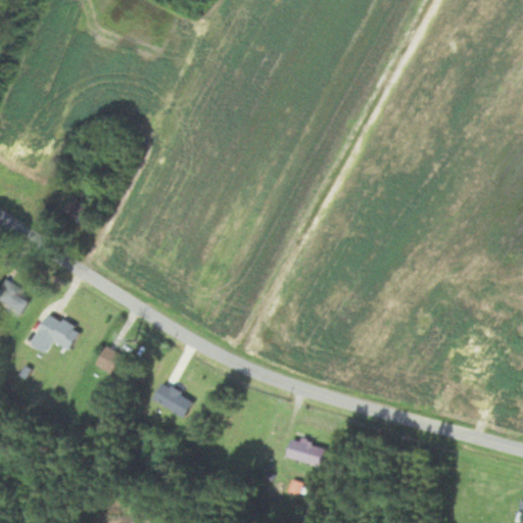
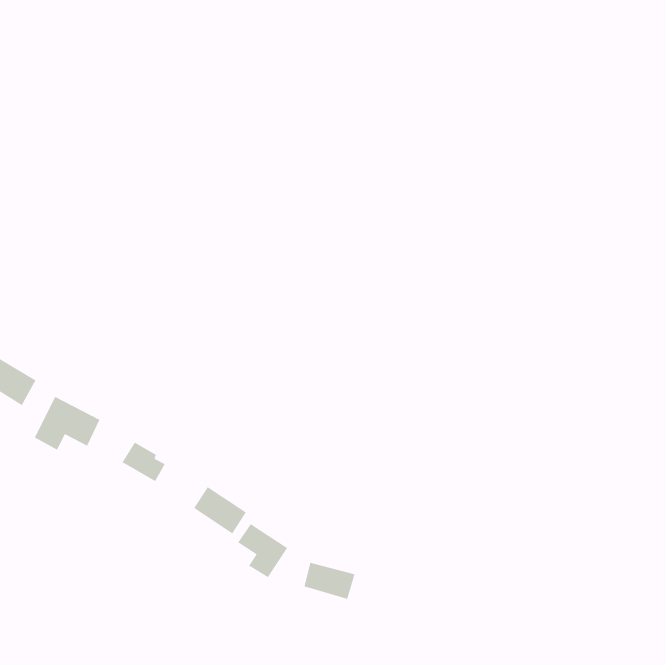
building: none -> [237,523,288,578]
building: [284,438,325,468] -> [303,562,356,600]

